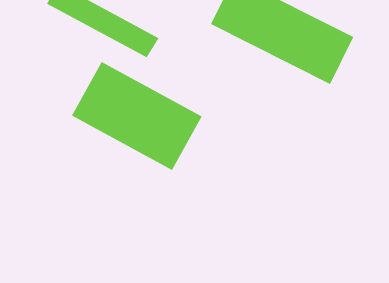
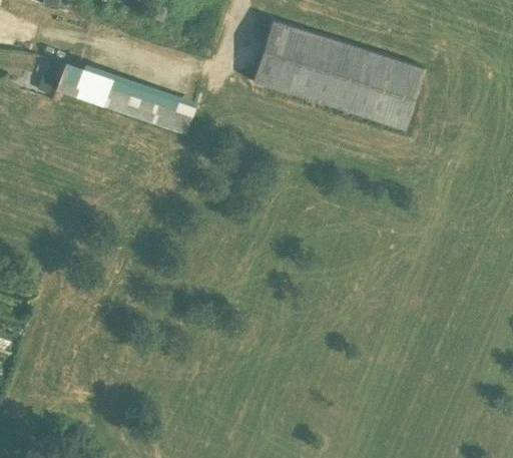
building: [71,61,203,171] -> none

